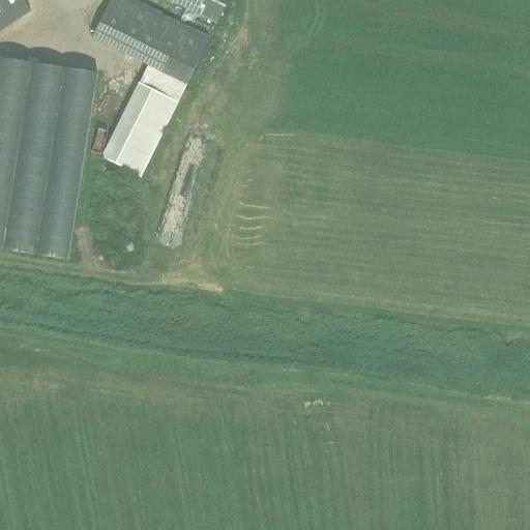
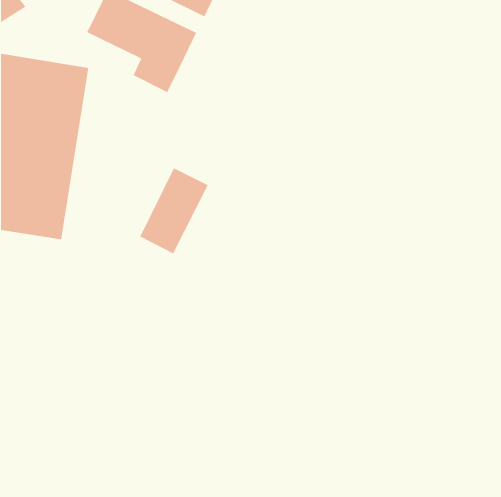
building: [104,80,177,172] -> [139,167,209,254]

